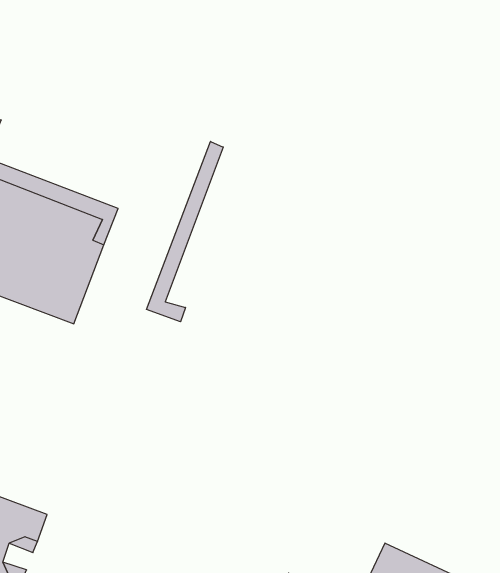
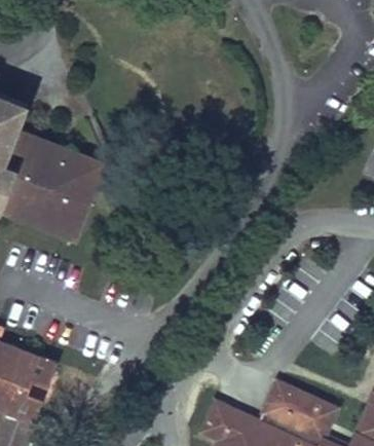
building: [147,141,223,322] -> none

